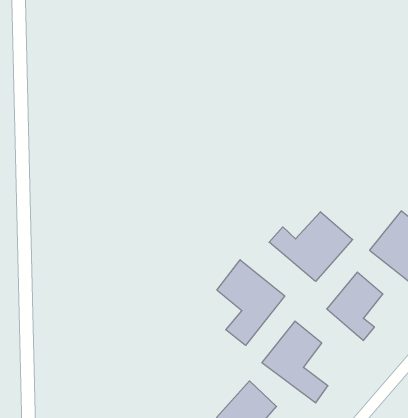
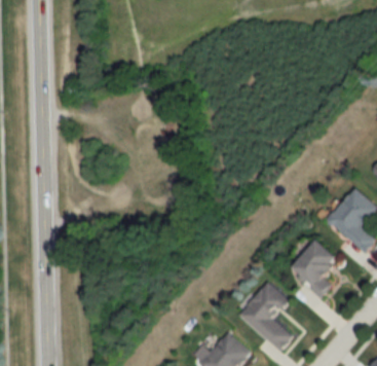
building: [269,212,353,281] -> none
building: [217,260,285,345] -> none

